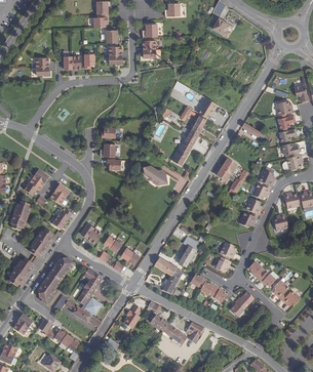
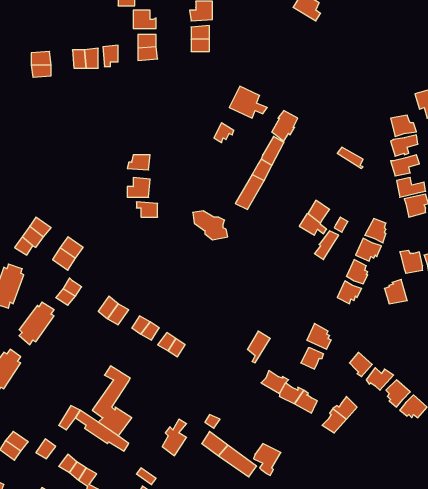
building: [154,256,183,294] -> none
building: [38,257,74,304] -> none

